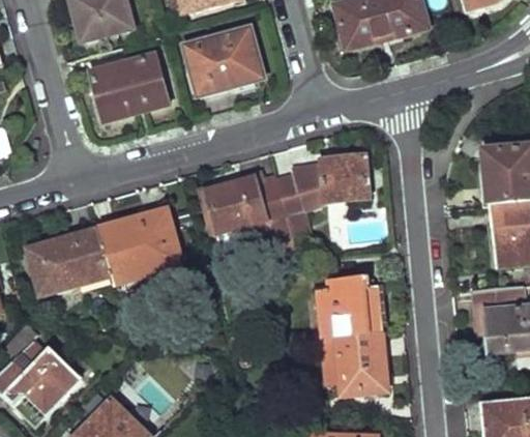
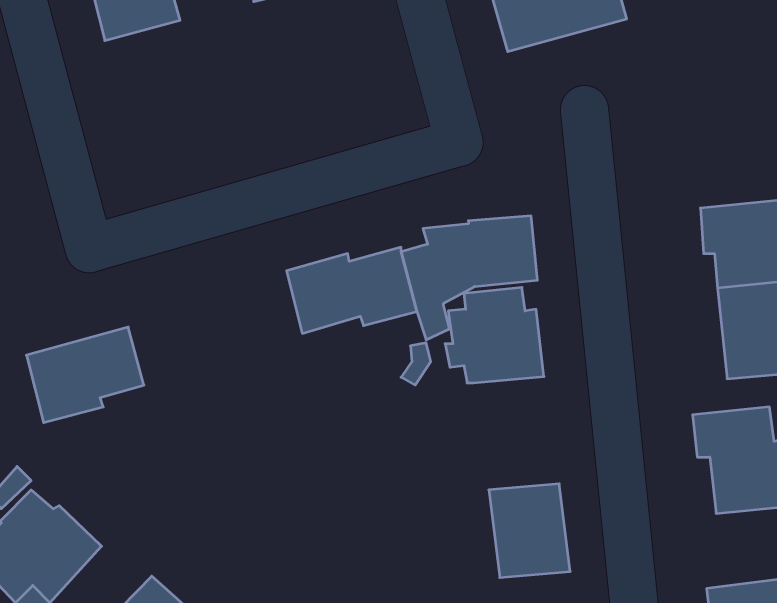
building: [186,28,263,97] -> none
building: [91,55,170,122] -> none
building: [97,210,181,283] -> none
building: [317,274,382,338] -> [445,287,544,383]

